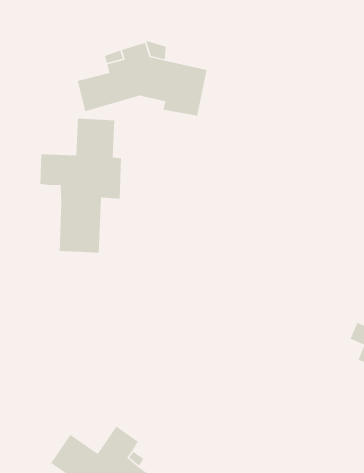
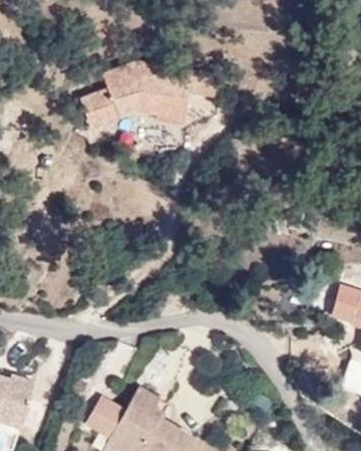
building: [40,118,122,254] -> none

